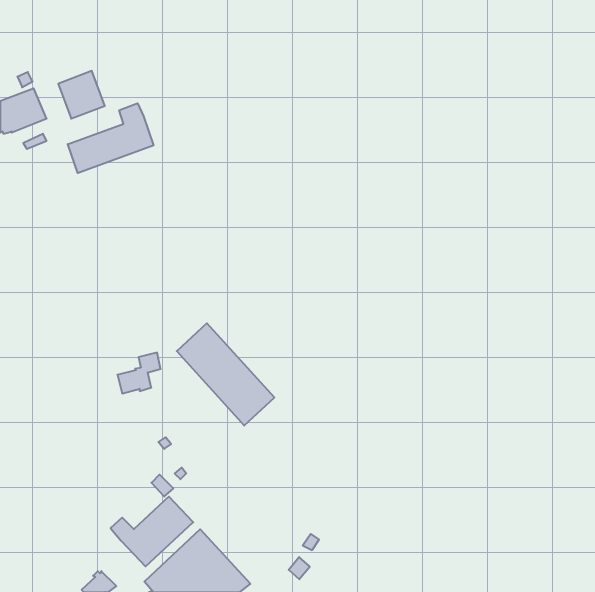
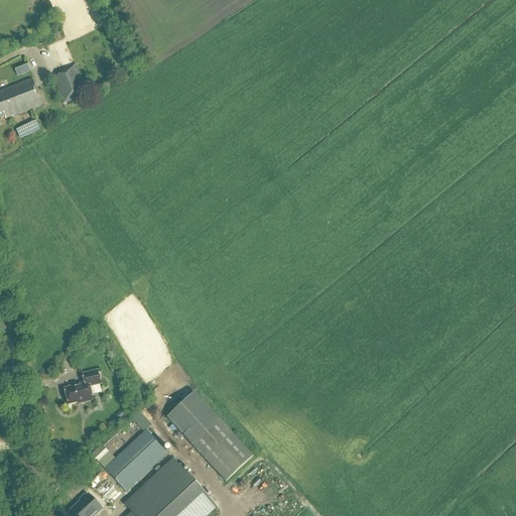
building: [68,103,154,173] -> none
building: [177,323,274,426] -> [167,392,252,481]
building: [117,353,161,393] -> [63,369,101,404]

